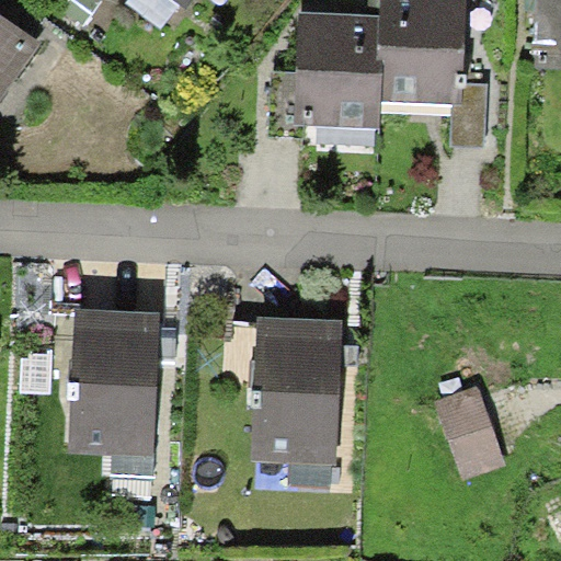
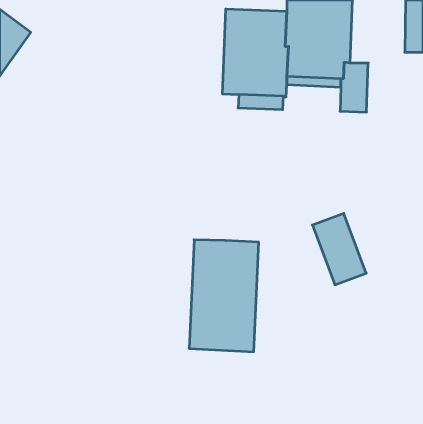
building: [68,309,158,455] -> none
building: [433,387,504,481] -> [312,213,366,285]

